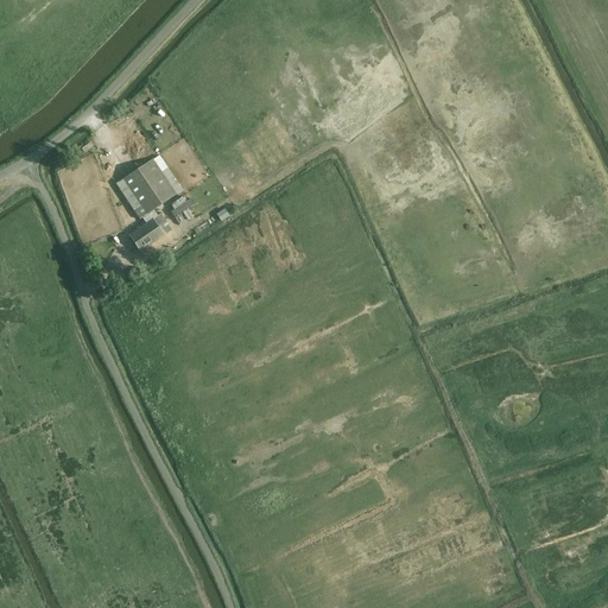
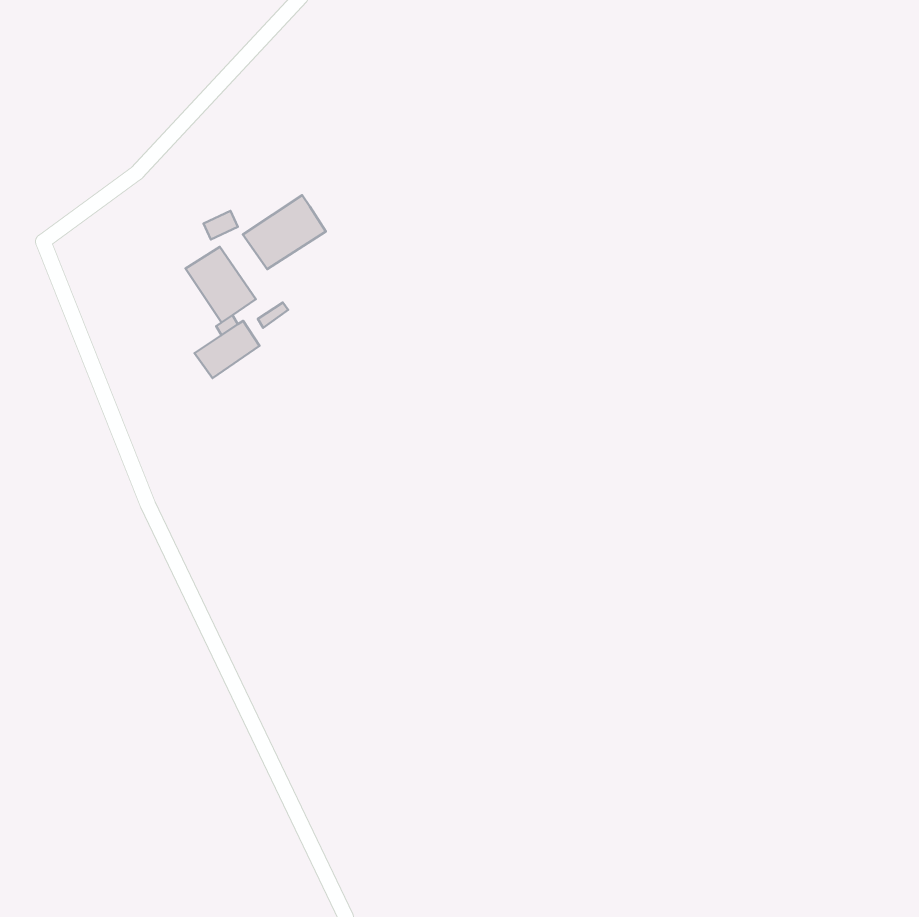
building: none -> [243,195,326,269]

